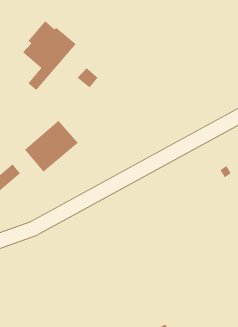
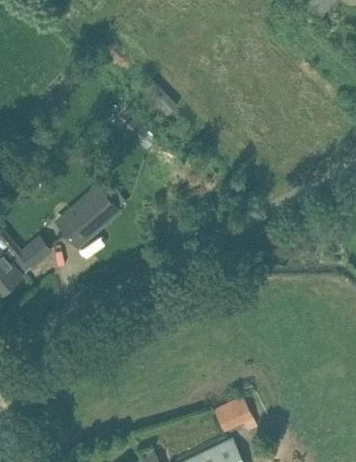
building: [22,21,77,91] -> none
building: none -> [212,397,252,435]

